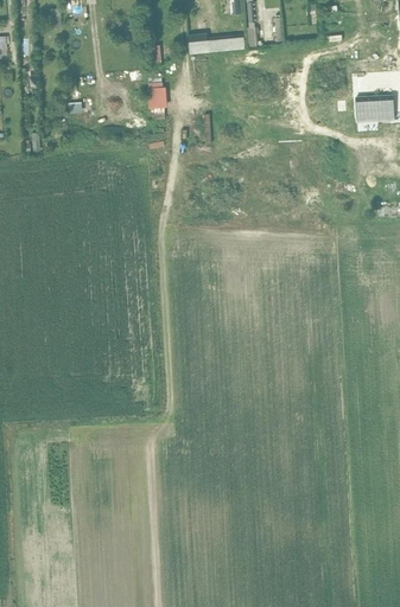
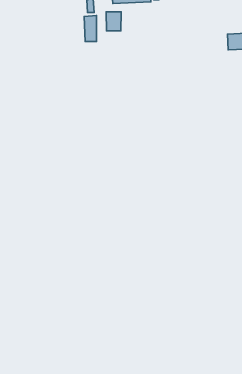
building: none -> [106,12,121,31]

